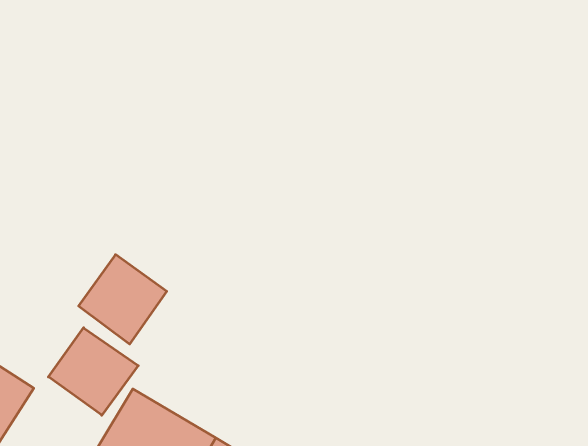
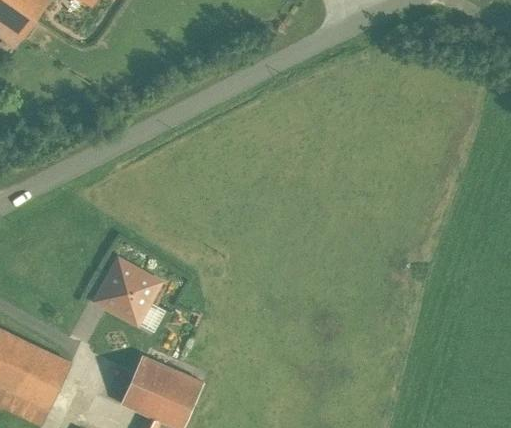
building: [48,328,138,415] -> none

